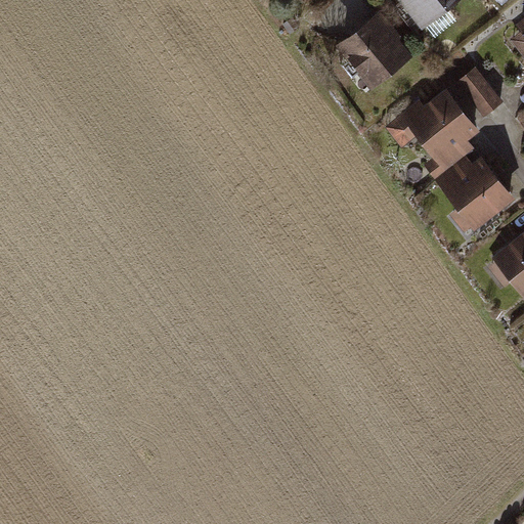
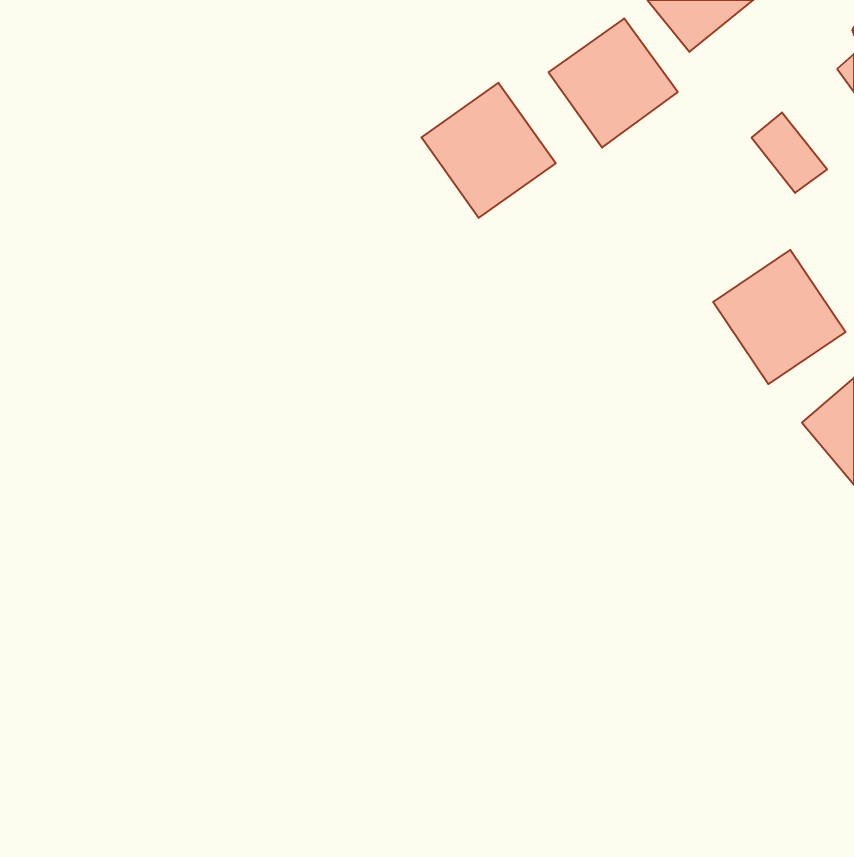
building: none -> [421,83,556,218]
building: [381,90,481,178] -> none

